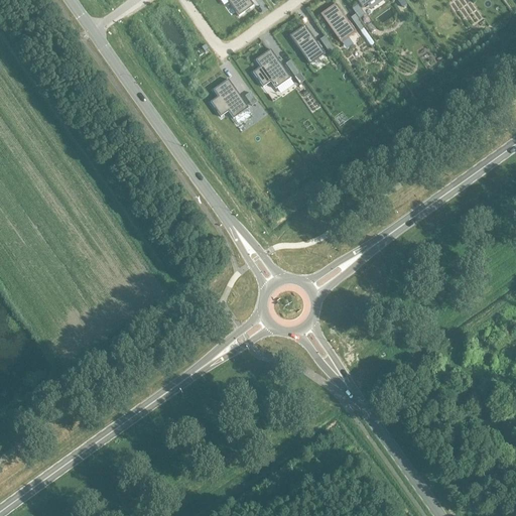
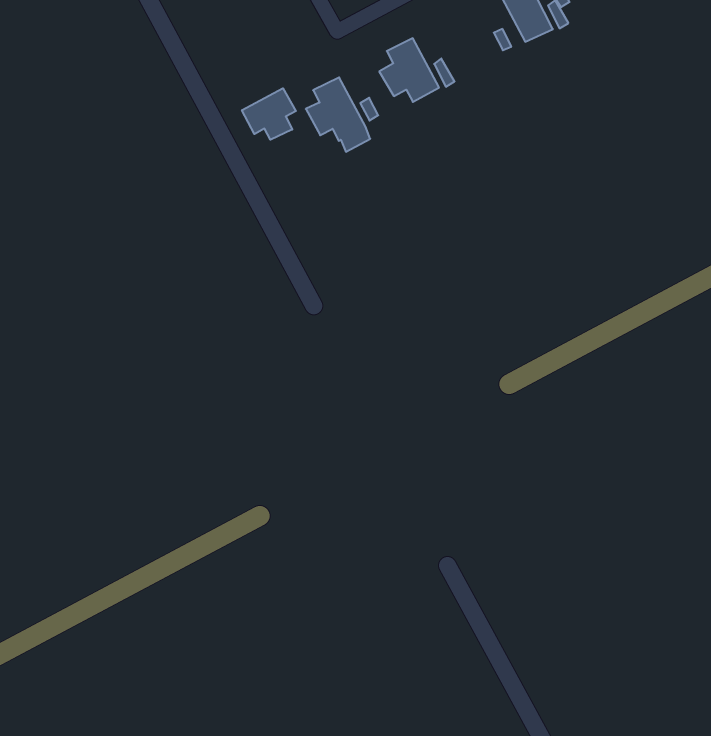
building: [289,24,325,63] -> none
building: none -> [242,88,296,140]

